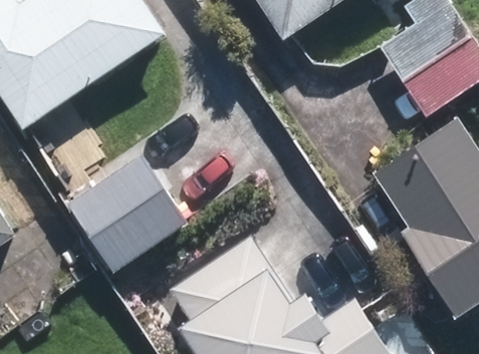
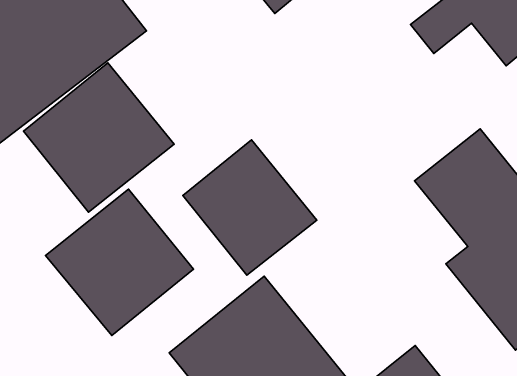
building: none -> [23,63,174,212]
building: none -> [183,140,317,275]

